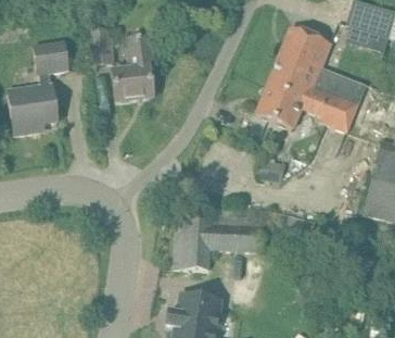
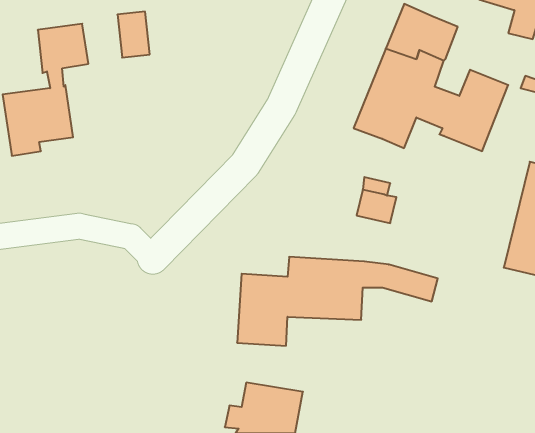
building: [113,36,154,101] -> none

